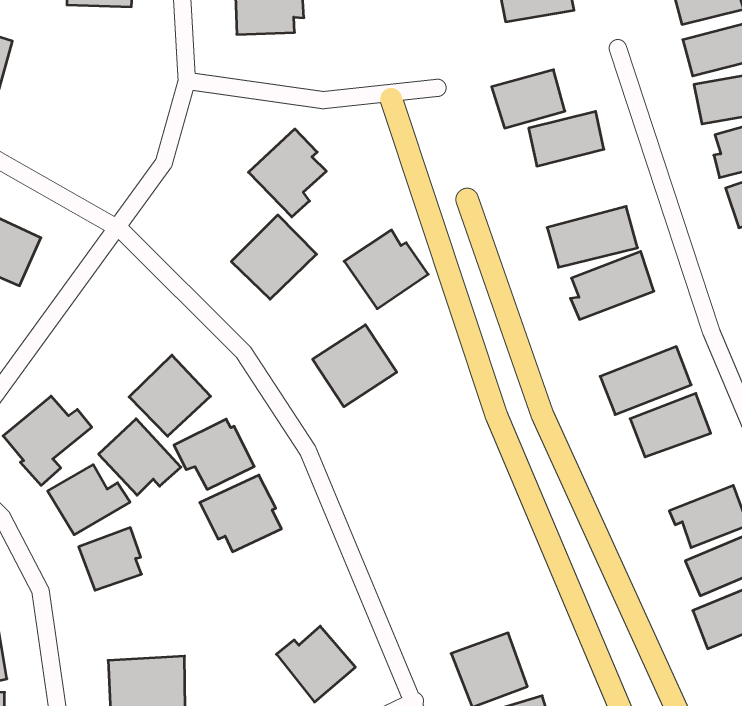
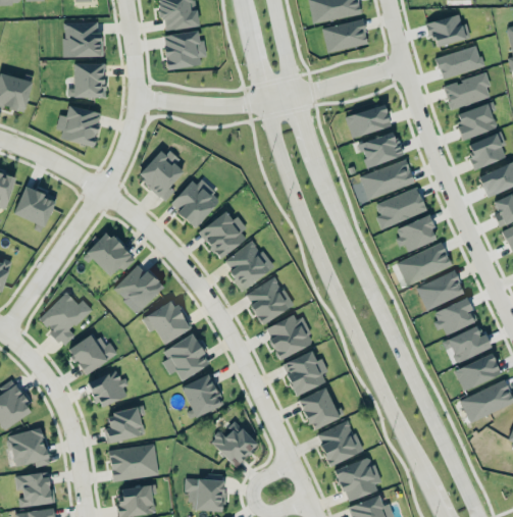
building: none -> [68,63,106,98]
building: [492,70,565,128] -> [359,132,404,168]
building: none -> [57,106,101,146]
building: [248,129,326,217] -> [138,148,185,201]
building: [344,230,428,309] -> [199,211,250,259]
building: none -> [396,217,438,251]
building: none -> [247,276,294,324]
building: [99,419,181,495] -> [86,231,136,277]
building: none -> [433,299,476,334]
building: none -> [265,315,315,360]
building: none -> [283,351,328,396]
building: none -> [182,374,223,418]
building: none -> [299,387,346,430]
building: none -> [105,407,146,444]

